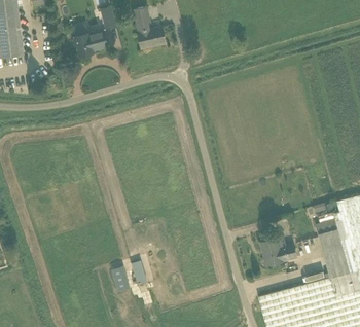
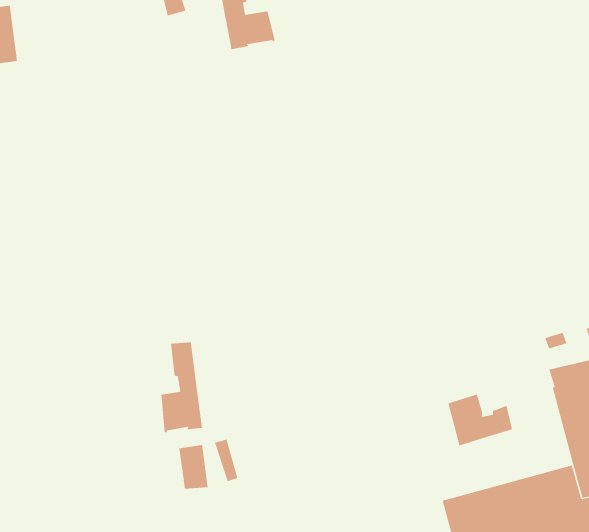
building: [73,31,108,58] -> none
building: none -> [161,342,203,433]

